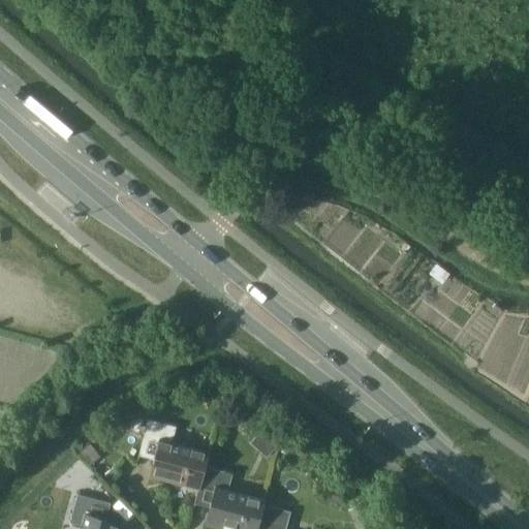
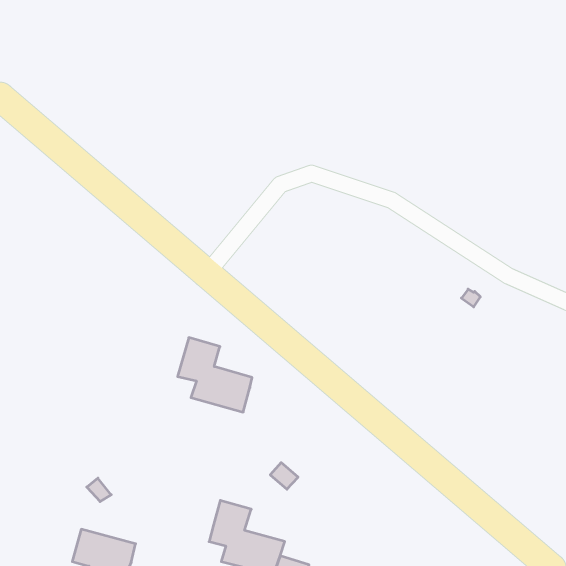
building: [139,421,209,490] -> [178,338,252,412]

